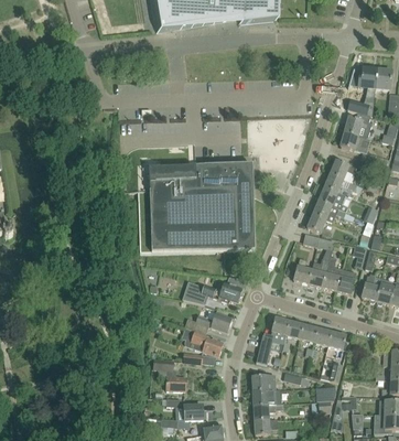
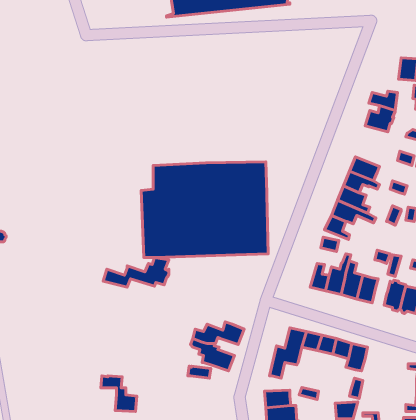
building: [348,66,377,87] -> none
building: [339,130,370,152] -> none
building: [182,276,242,303] -> [103,257,169,287]
building: [153,357,186,390] -> [101,376,137,412]

